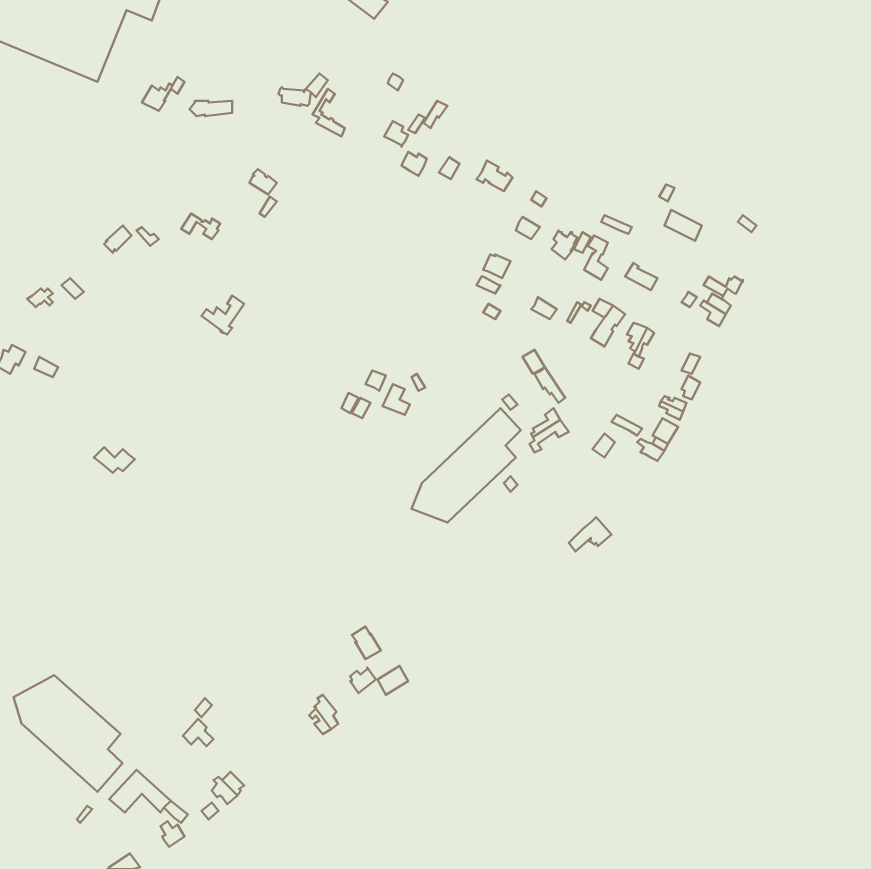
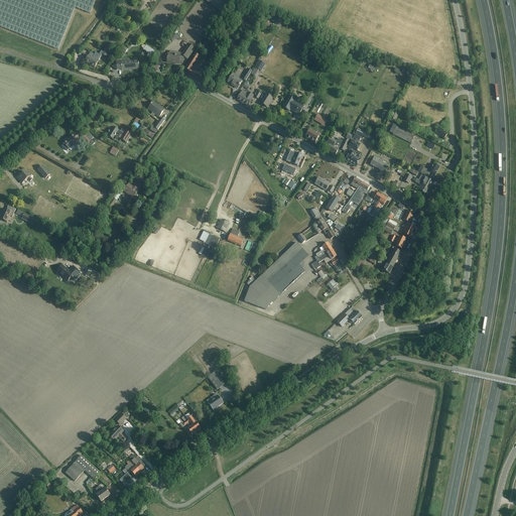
building: [14,675,123,792] -> none

